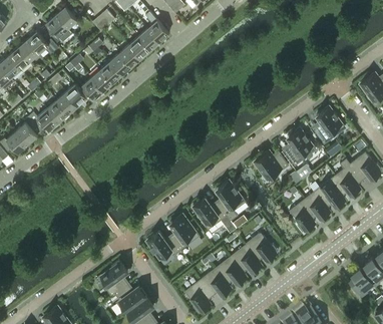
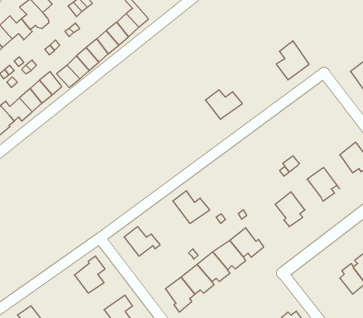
building: [314,105,345,142] -> [276,41,309,80]
building: [284,127,316,164] -> none
building: [253,151,288,180] -> [205,90,242,119]
building: [335,163,362,195] -> none
building: [216,180,245,219] -> none
building: [304,186,332,218] -> none
building: [169,214,196,248] -> none
building: [114,284,146,312] -> none

